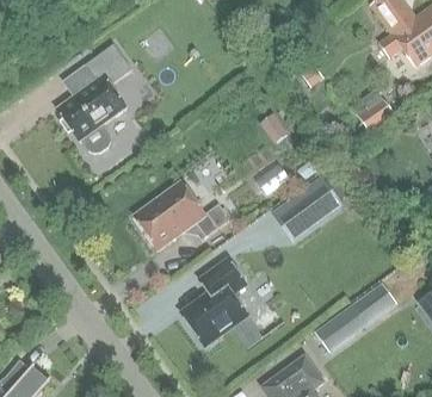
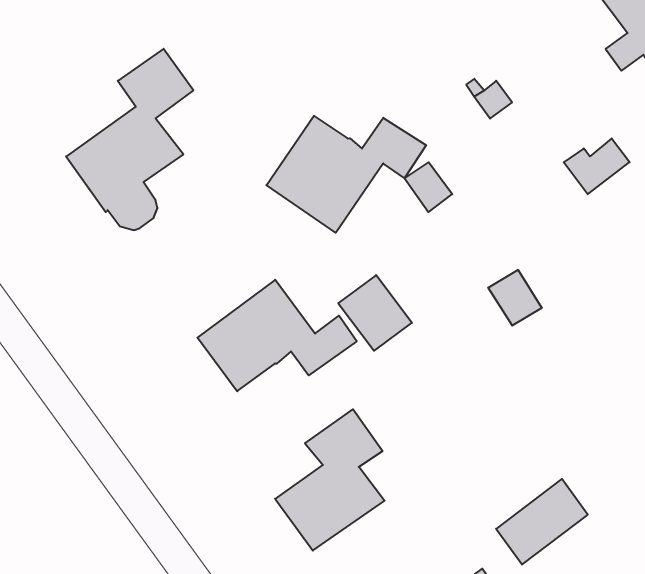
building: none -> [266,116,426,233]
building: [272,193,316,238] -> [338,275,412,351]
building: [353,280,396,322] -> none

